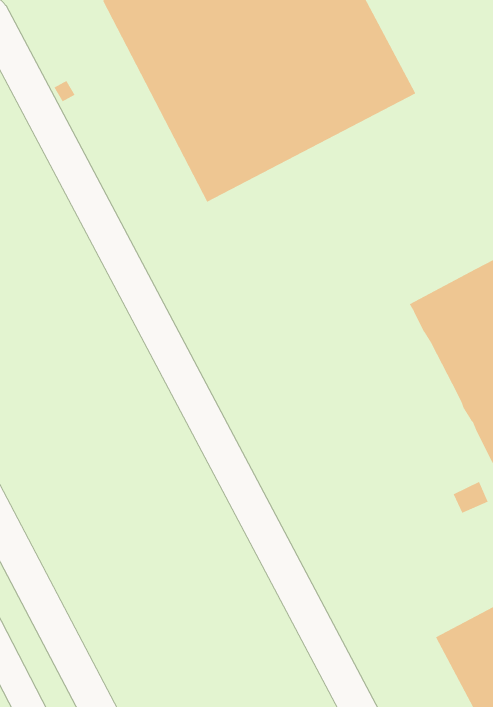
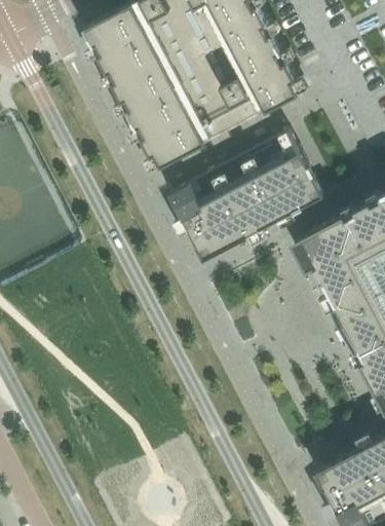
building: none -> [169,129,324,259]

